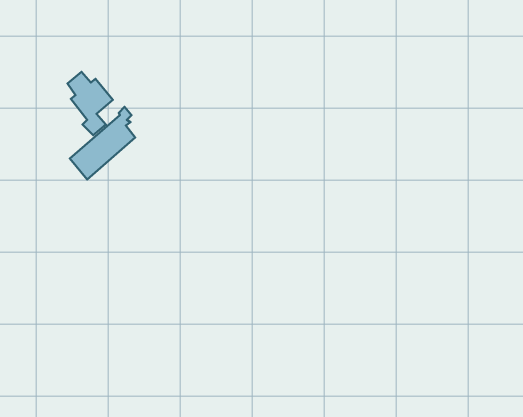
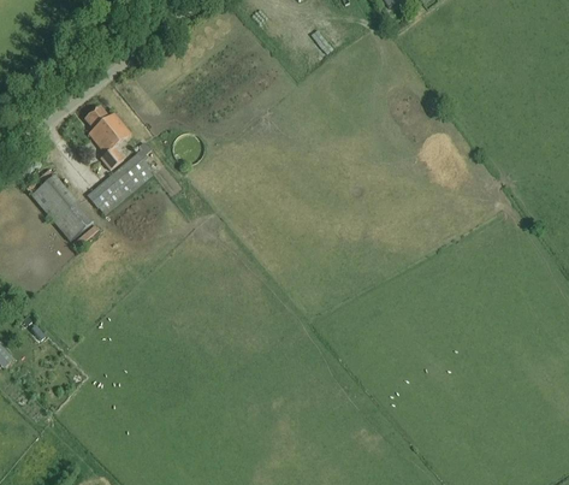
building: none -> [31,175,93,241]

